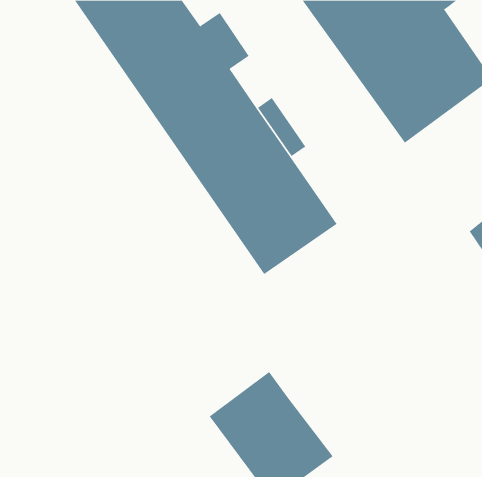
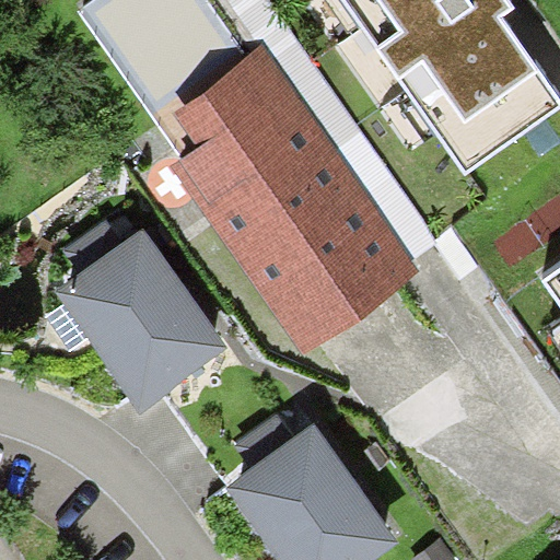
building: none -> [69,241,212,393]

